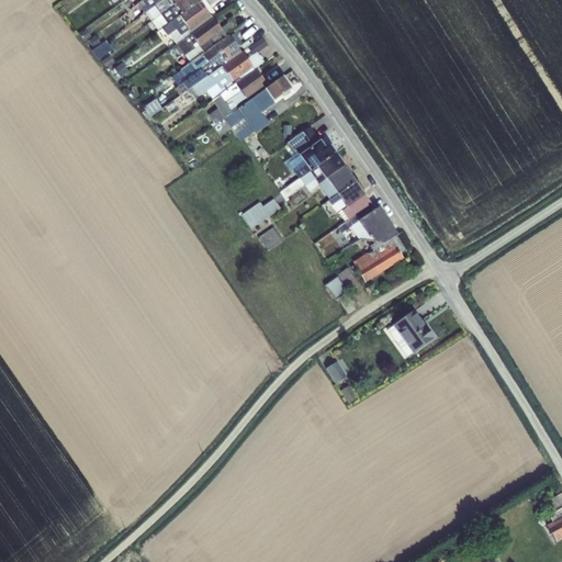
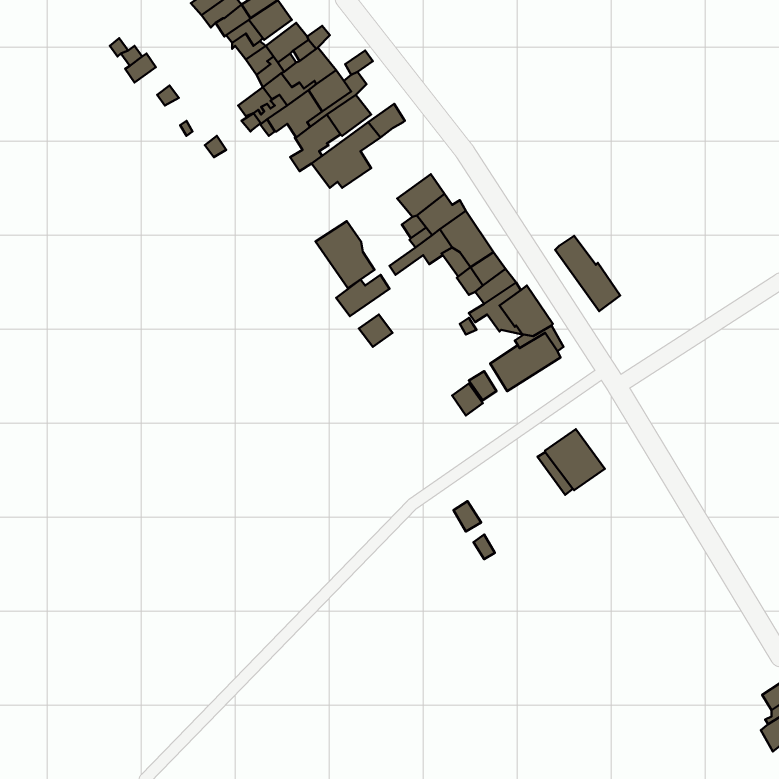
building: none -> [316,221,374,288]
building: none -> [555,236,620,311]

